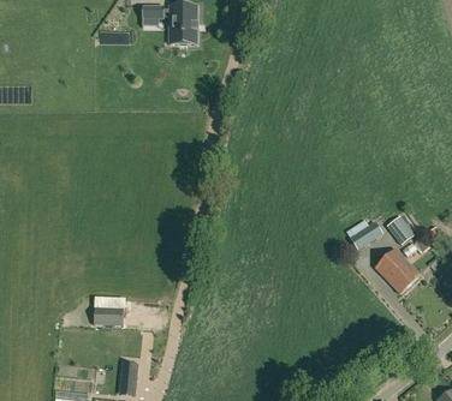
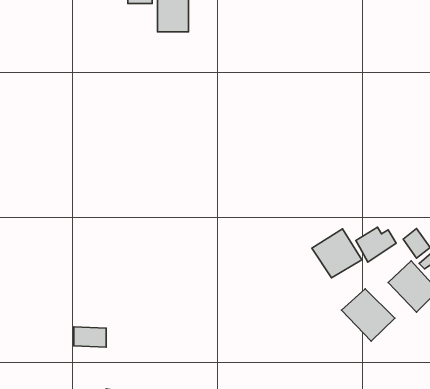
building: none -> [312,229,362,278]
building: none -> [342,289,395,341]

